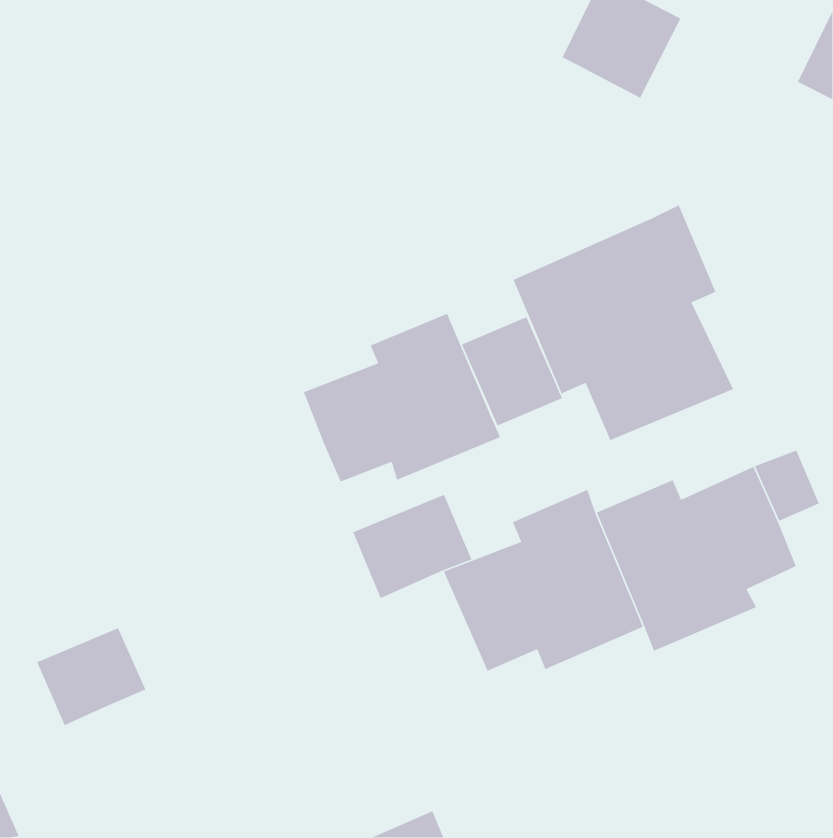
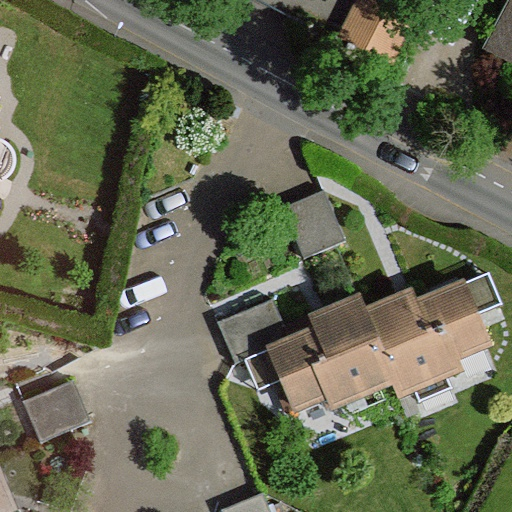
building: [512,204,734,441] -> none
building: [303,313,501,482] -> none

